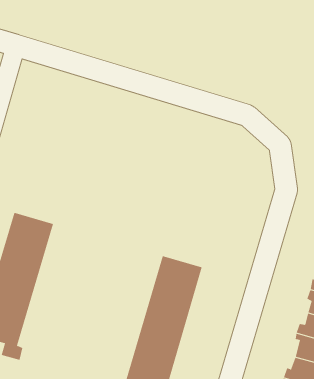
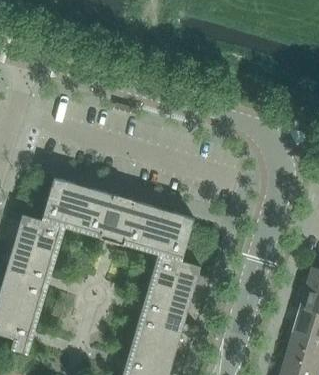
building: none -> [42,177,194,256]

